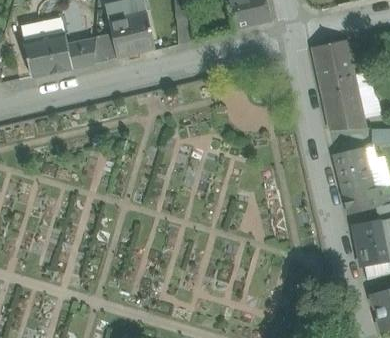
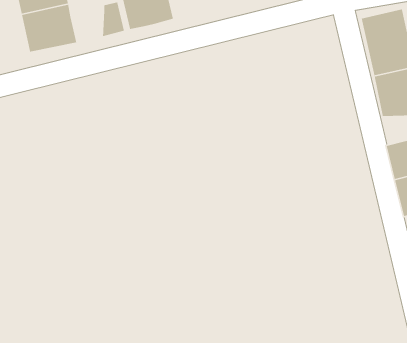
building: [68,41,95,68] -> none

